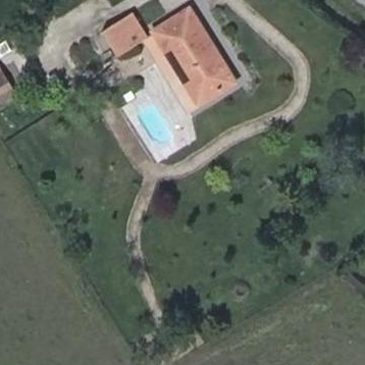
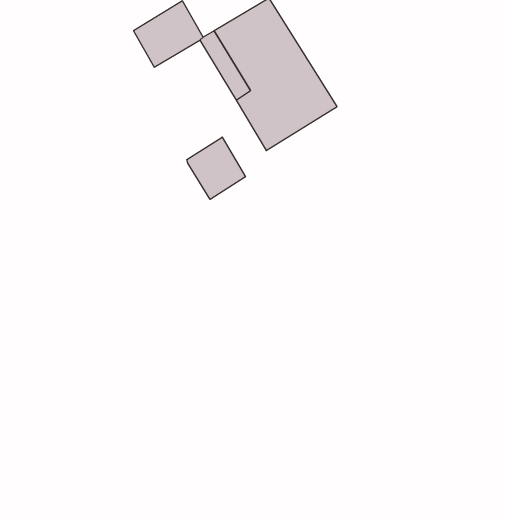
building: none -> [187,137,245,199]

